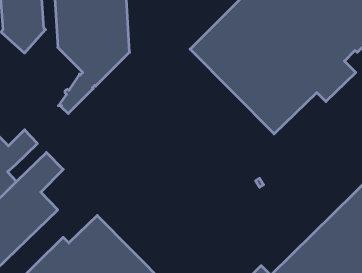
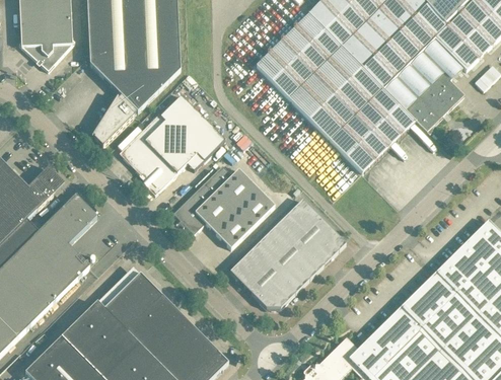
building: none -> [120,93,225,193]
building: none -> [173,163,275,246]
building: none -> [230,198,346,306]

